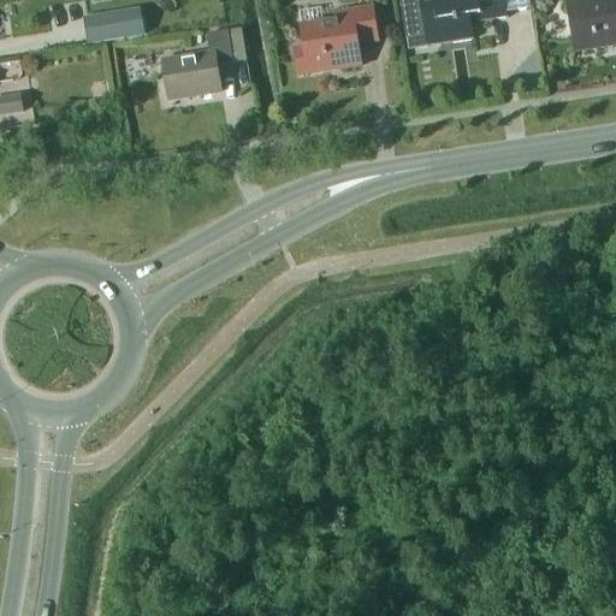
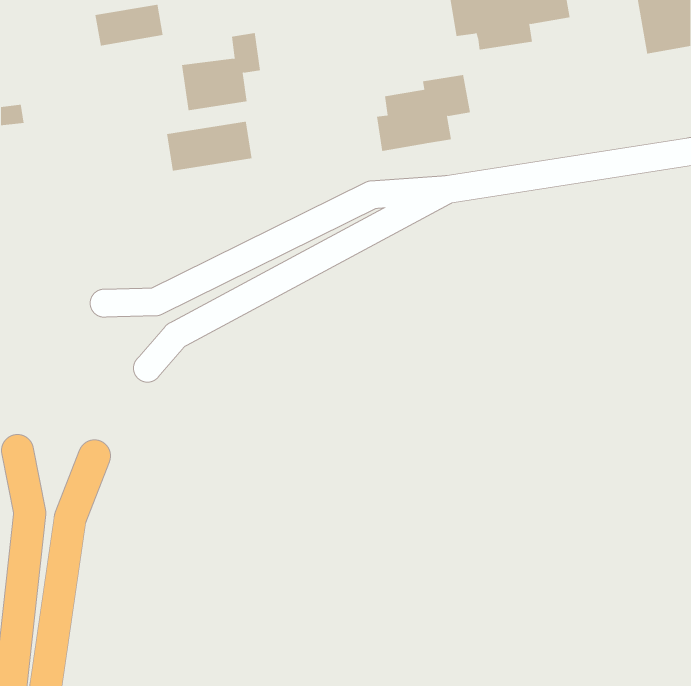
building: [294,5,378,73] -> [376,75,471,152]
building: none -> [167,121,252,171]

